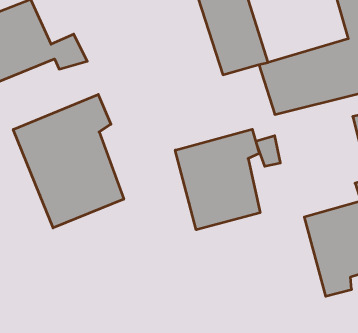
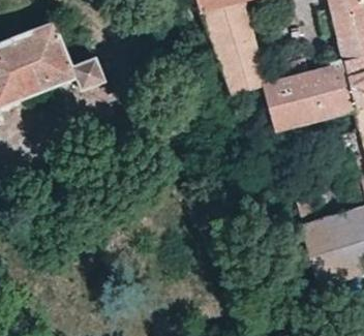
building: [13,94,124,228] -> none
building: [175,129,260,230] -> none

